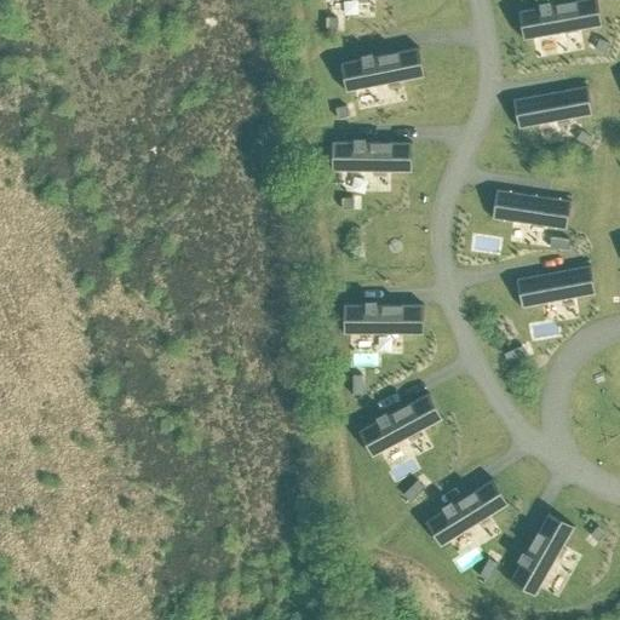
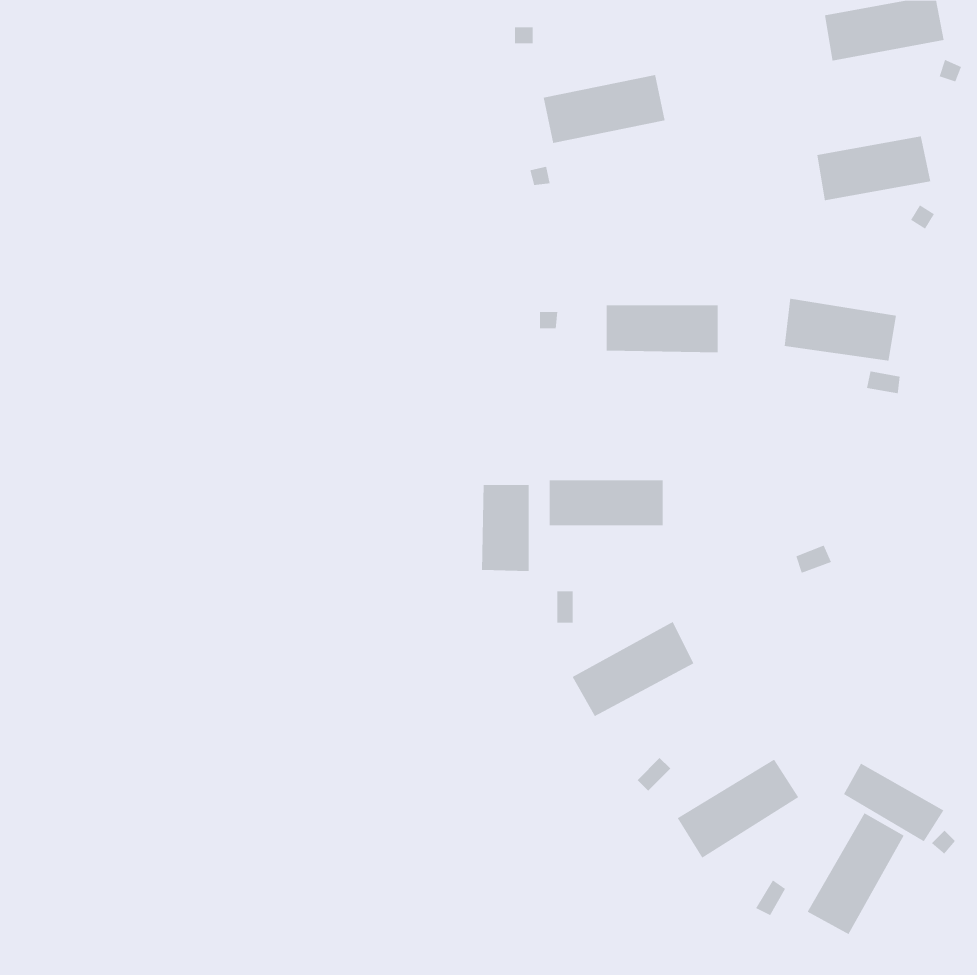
building: [337,143,408,173] -> [606,305,719,353]
building: [519,266,592,308] -> none
building: none -> [481,484,529,572]
building: none -> [843,763,944,842]

